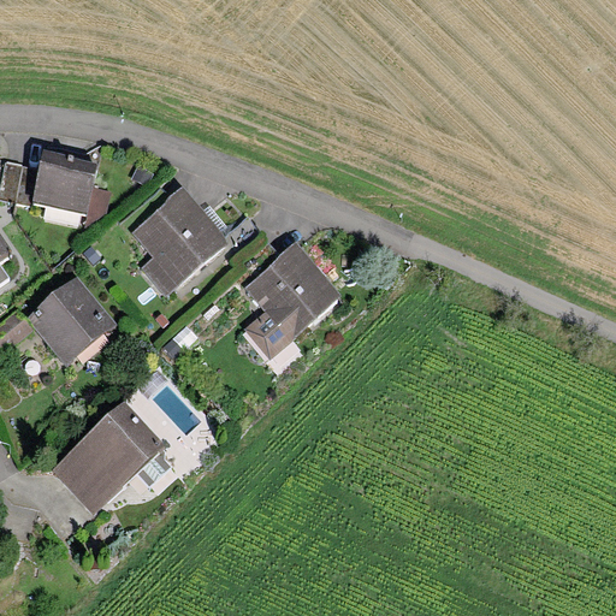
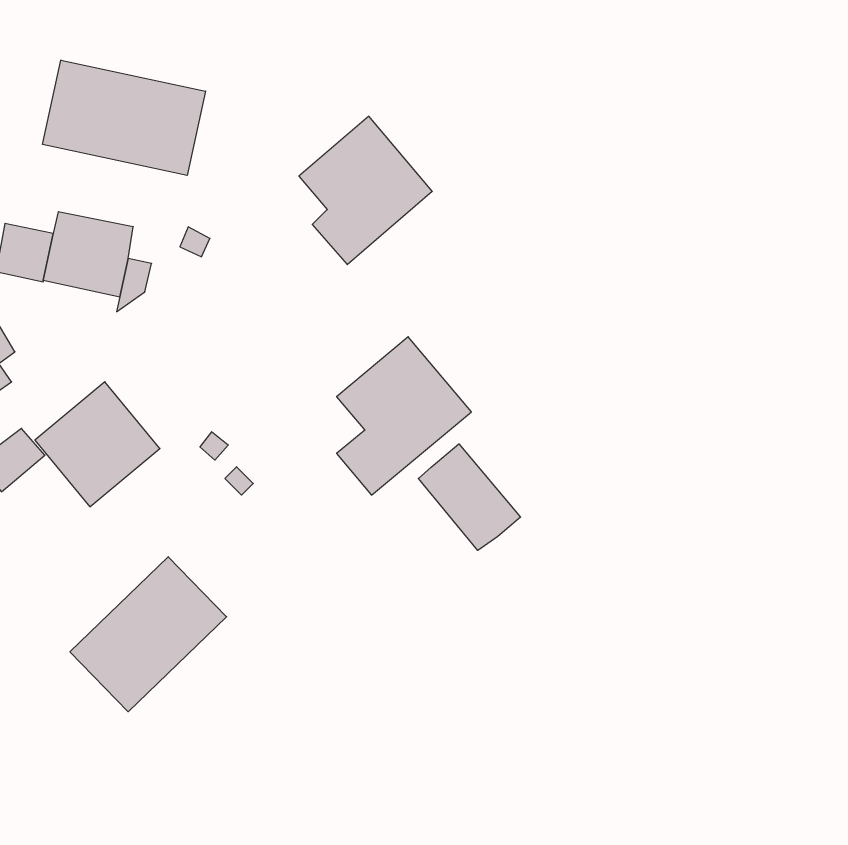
building: none -> [43,60,206,175]
building: [130,188,226,295] -> [299,116,432,265]
building: none -> [418,444,521,550]

